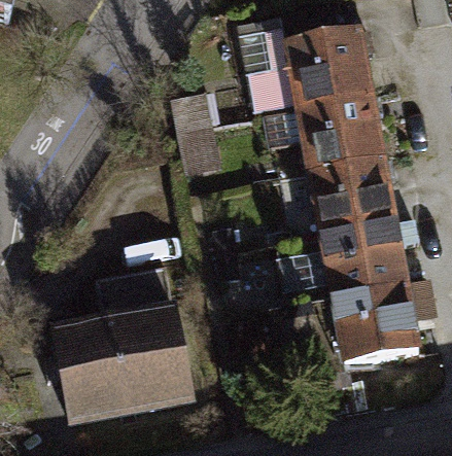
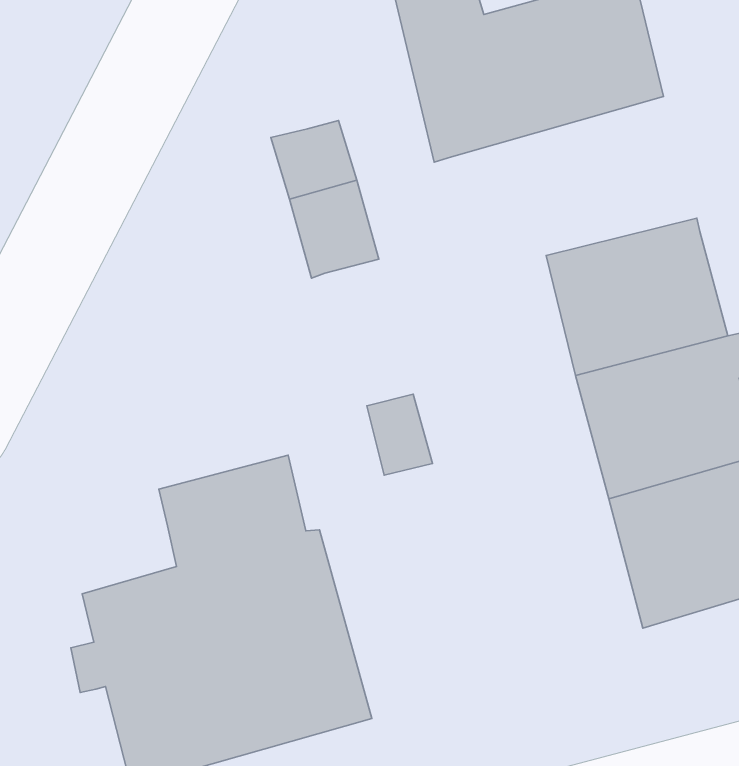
building: [266,90,391,168] -> none

